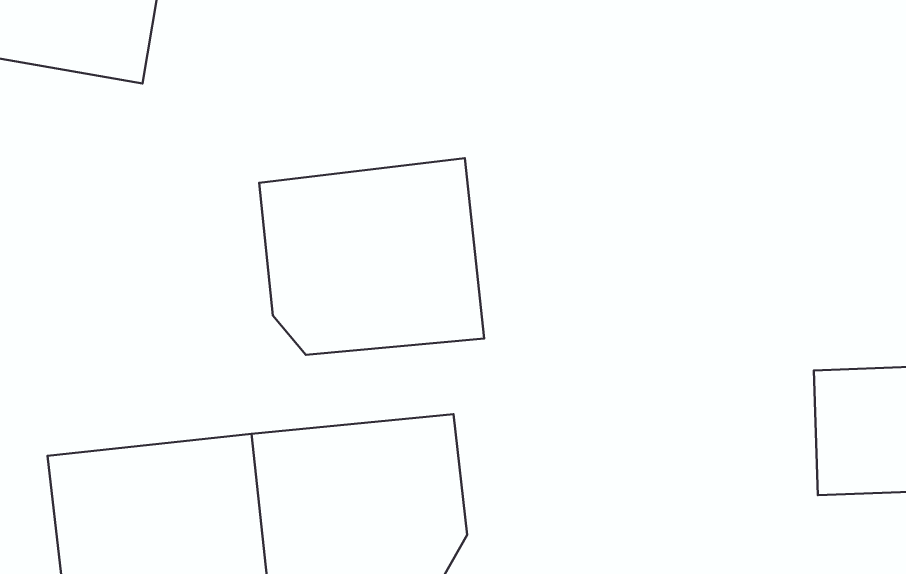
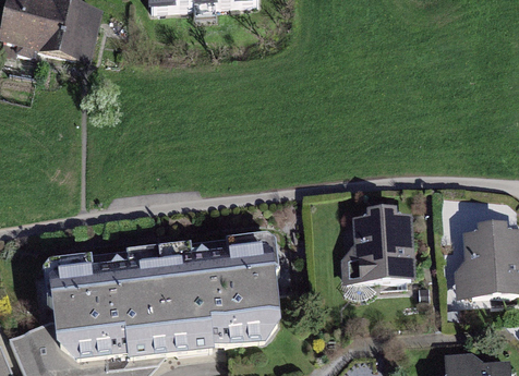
building: [259,158,484,355] -> none
building: none -> [351,214,412,279]

